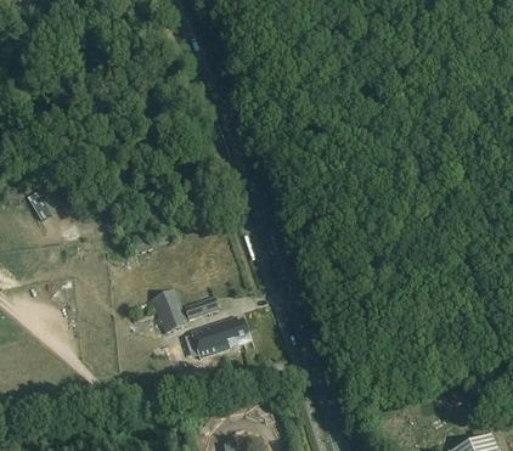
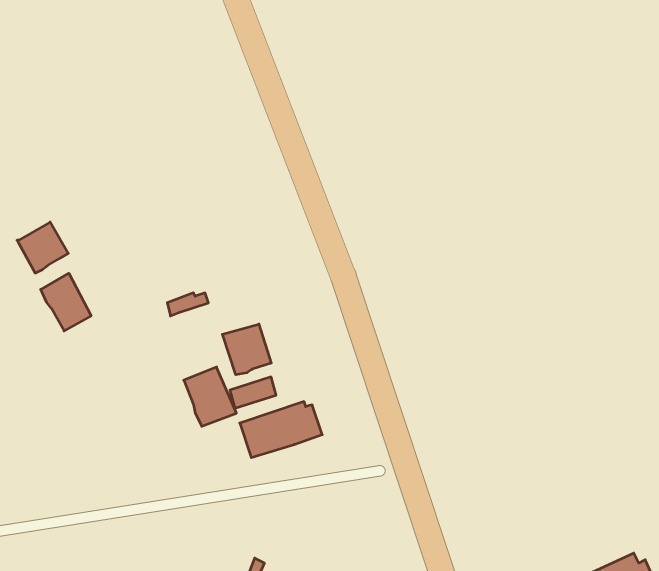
building: none -> [41,273,91,331]
building: none -> [222,324,271,375]

